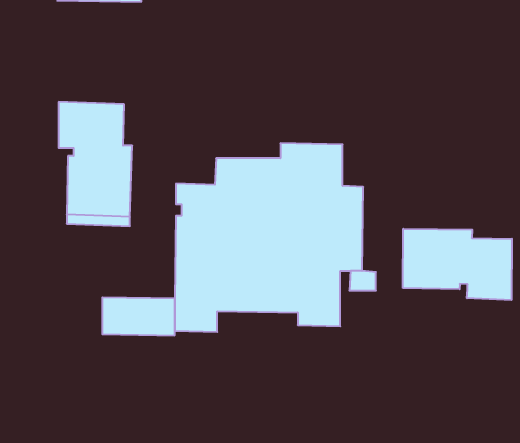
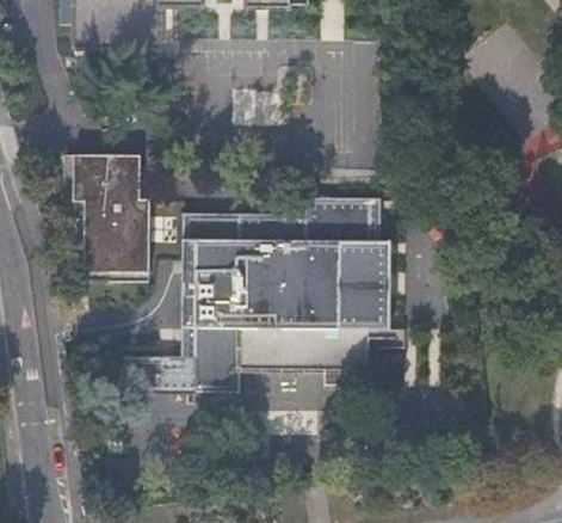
building: [403,229,512,300] -> none

